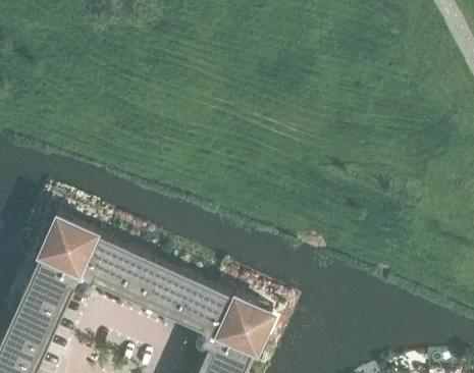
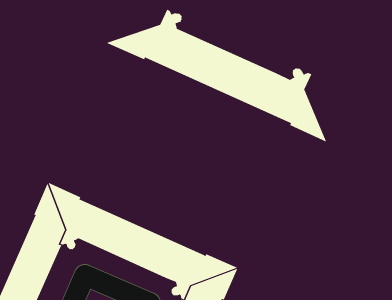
building: none -> [105,8,327,143]

